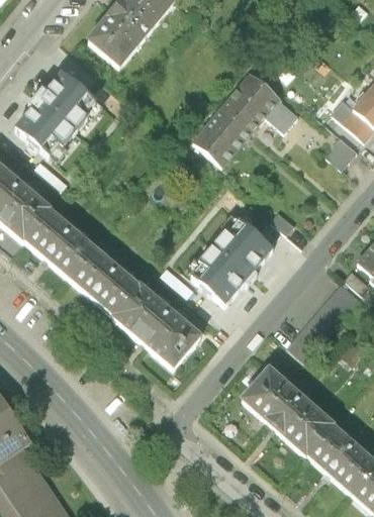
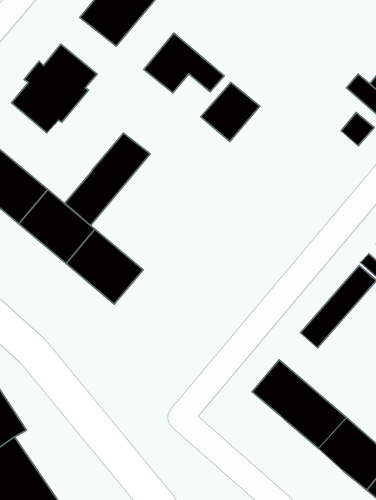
building: [222,72,298,128] -> [144,33,224,93]
building: none -> [65,133,150,225]
building: [191,217,273,303] -> none
building: [112,283,199,367] -> none

